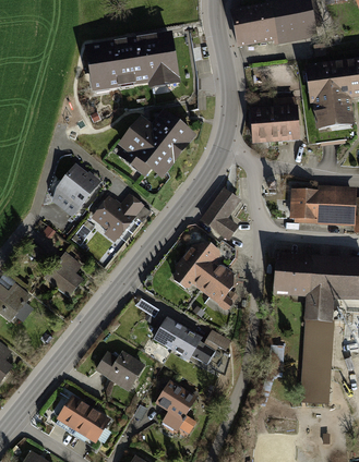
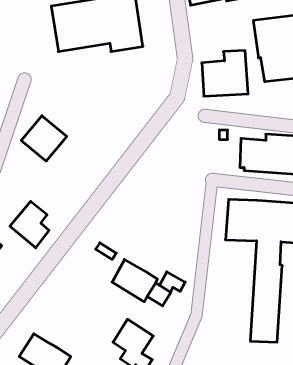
building: [117,116,200,187] -> none
building: [199,186,240,240] -> none
building: [88,193,149,244] -> none
building: [172,241,236,308] -> none
building: [94,350,144,390] -> none

